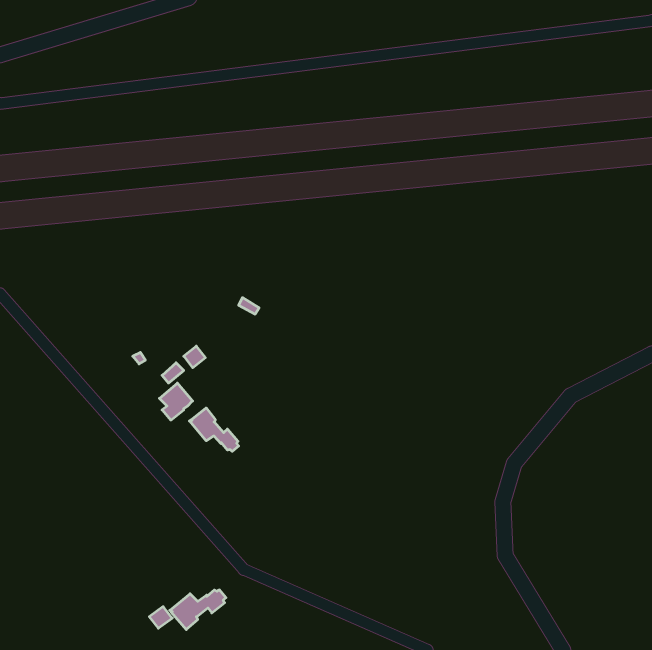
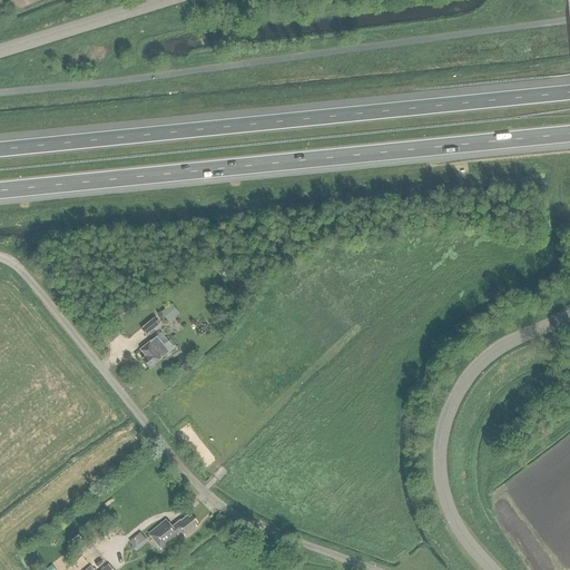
building: [189,408,239,451] -> none

